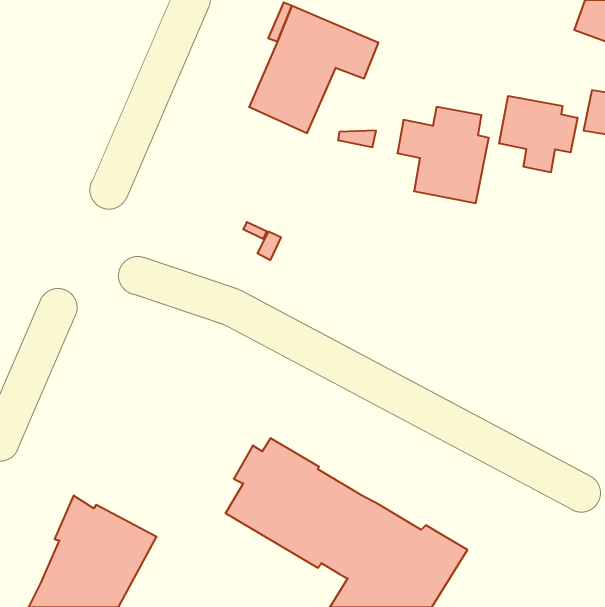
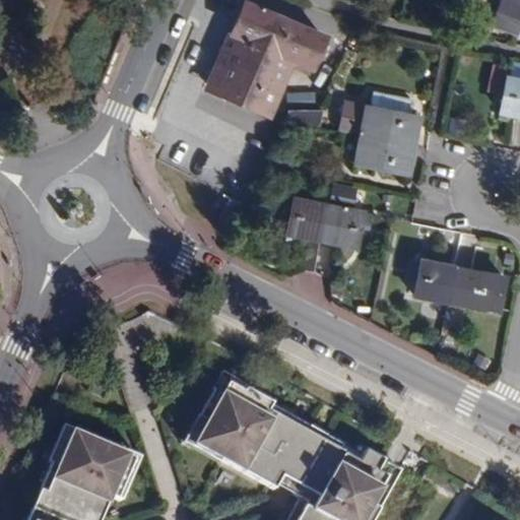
building: [499,96,578,172] -> none
building: none -> [287,200,363,273]
building: none -> [431,265,505,312]

